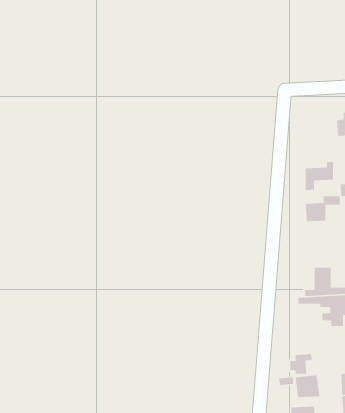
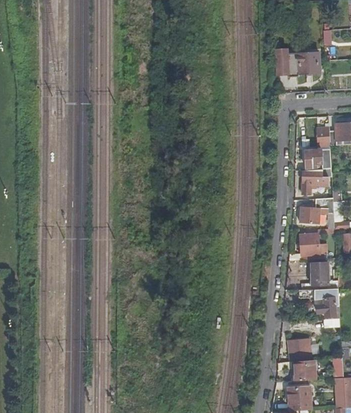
building: none -> [278,55,320,75]
building: none -> [304,148,331,167]
building: none -> [297,228,318,260]

